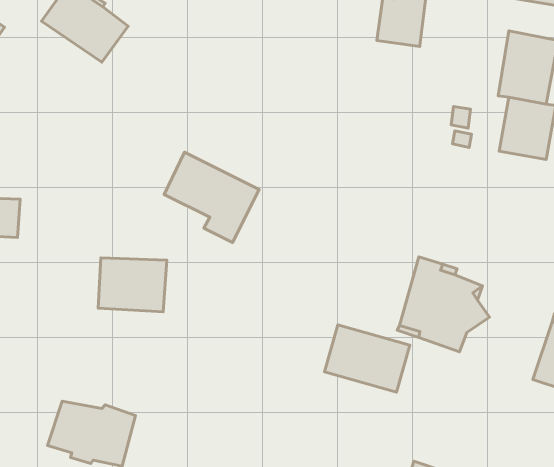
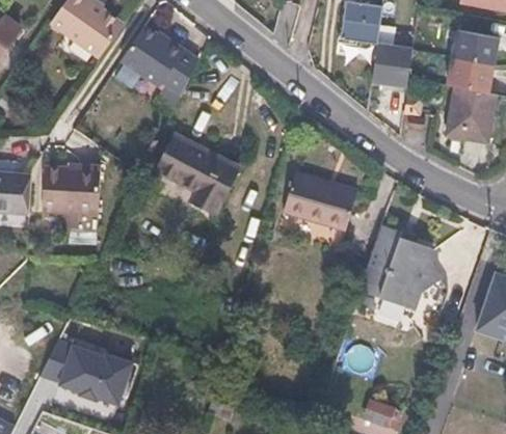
building: none -> [121,27,198,97]
building: none -> [372,42,414,85]
building: [98,258,167,312] -> [45,165,104,212]
building: [325,325,410,392] -> [284,171,357,229]

